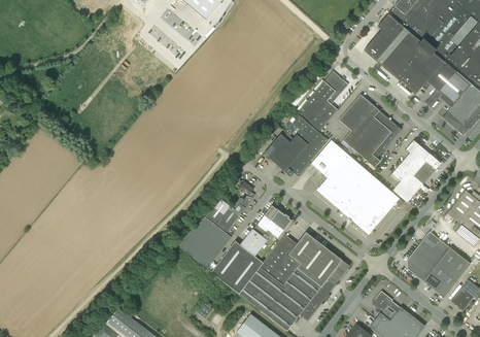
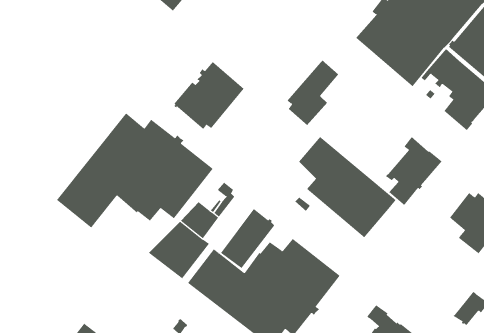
building: [339,94,401,167] -> none
building: [264,114,328,176] -> [174,61,245,130]
building: none -> [56,113,214,229]
building: [407,231,471,296] -> none

